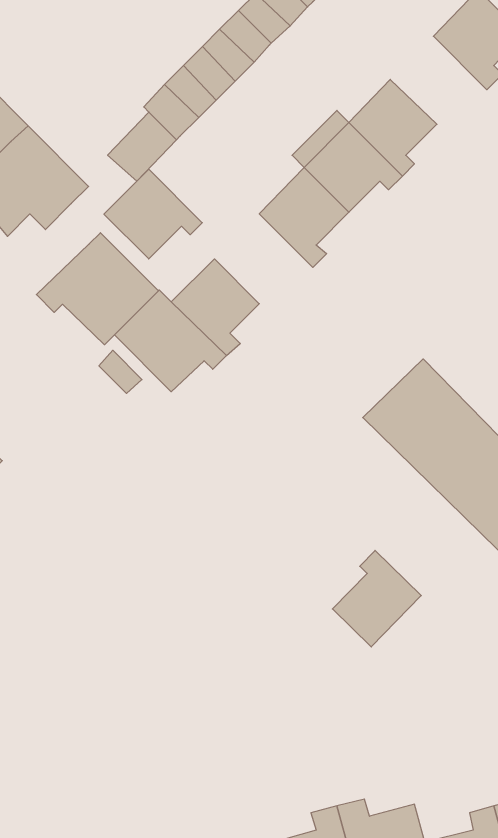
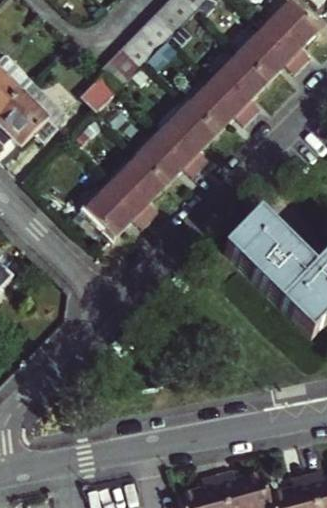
building: none -> [241,29,297,80]
building: [104,169,202,259] -> [139,132,196,184]
building: [36,233,158,345] -> none
building: [332,550,421,647] -> none

